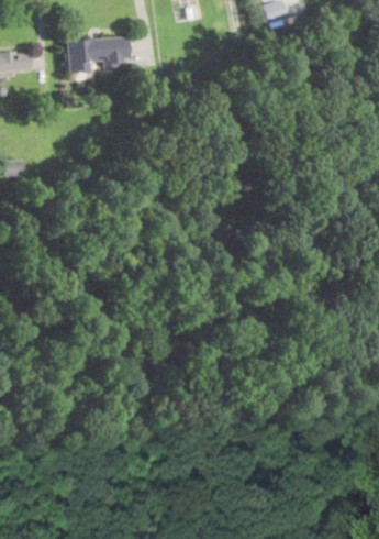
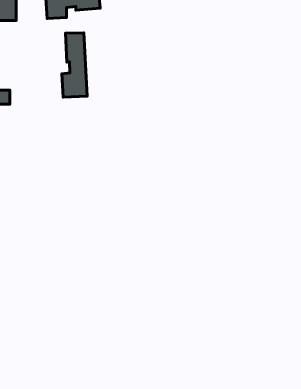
building: none -> [62,33,87,97]

